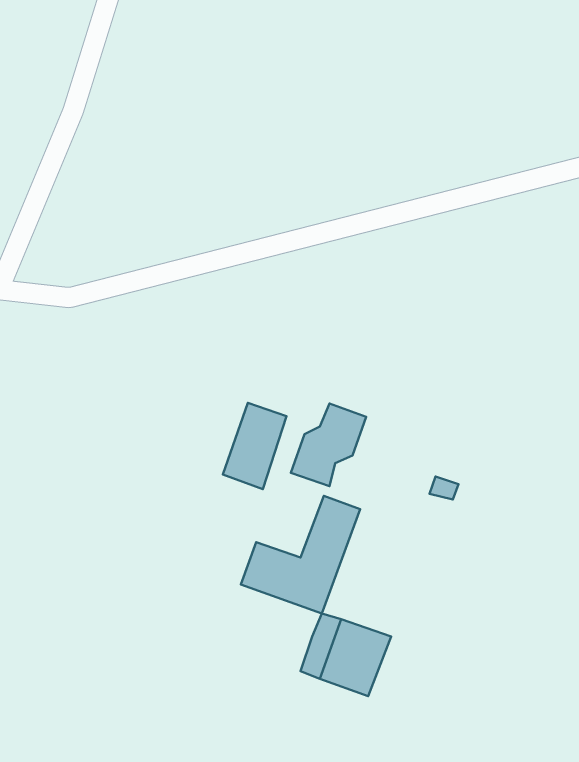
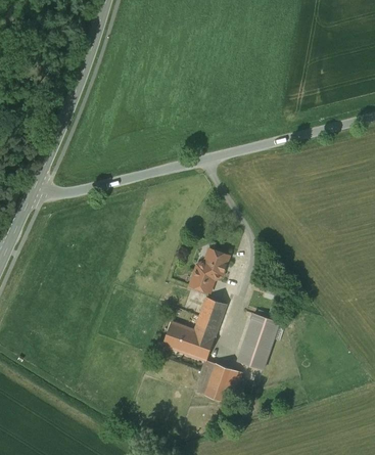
building: [223,403,287,489] -> none
building: none -> [237,314,279,369]

